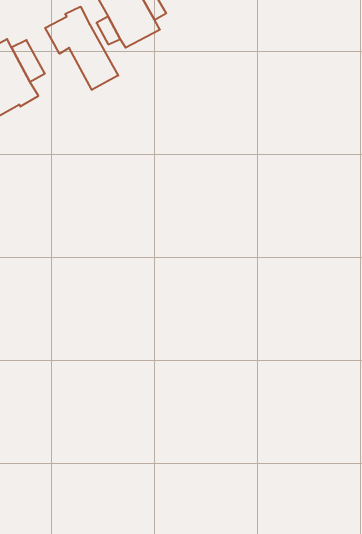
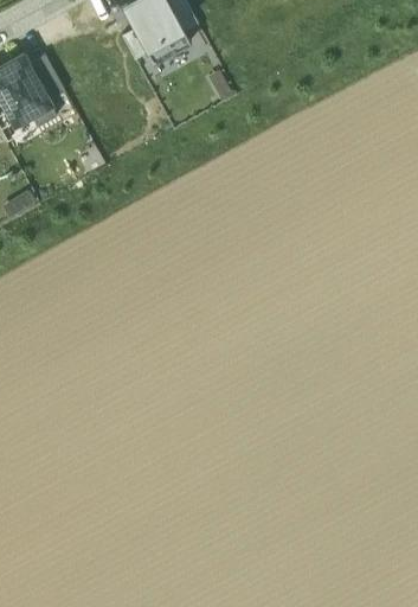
building: [45,7,118,90] -> none

